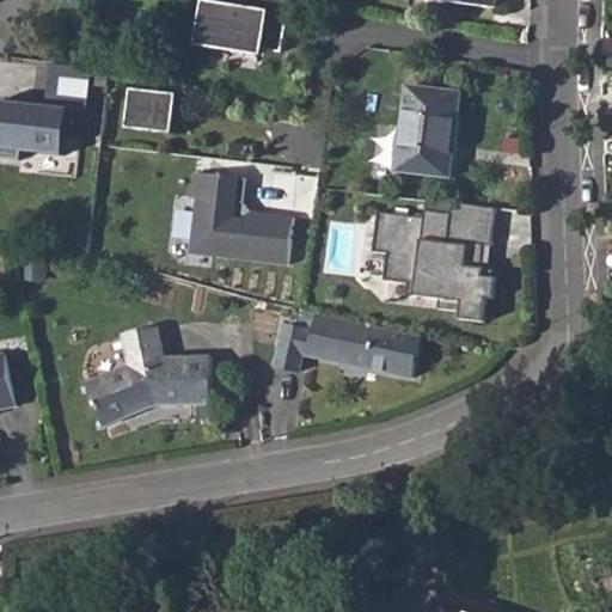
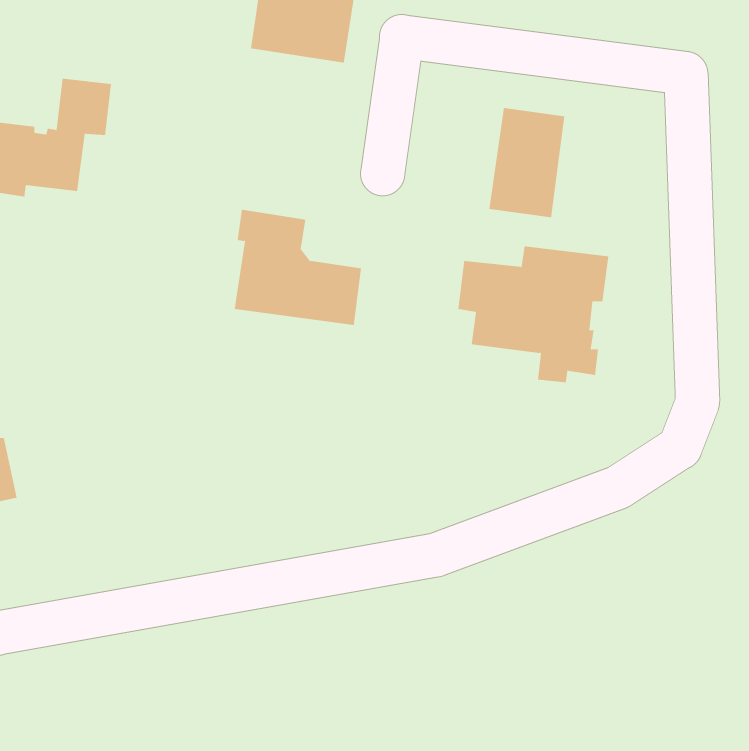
building: [121,87,172,133] -> none
building: [270,313,416,378] -> none
building: [84,326,209,426] -> none

